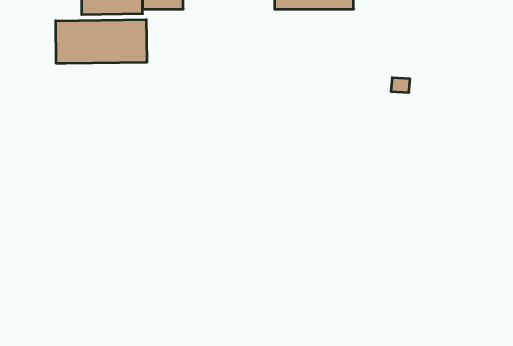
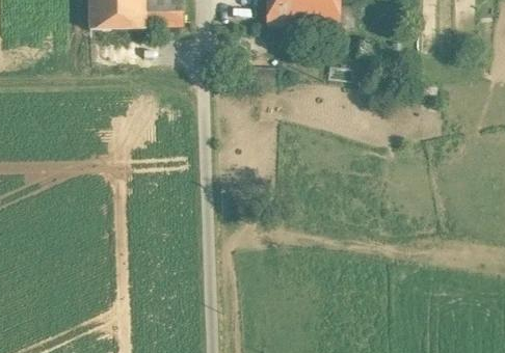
building: [56,20,147,63] -> none

